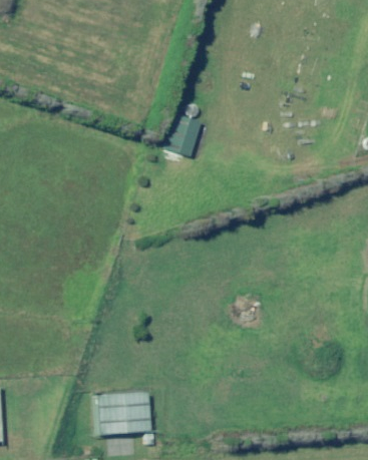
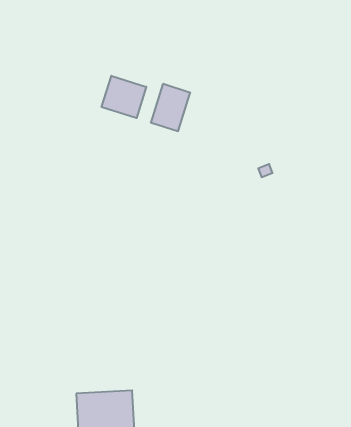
building: none -> [102,76,146,118]

